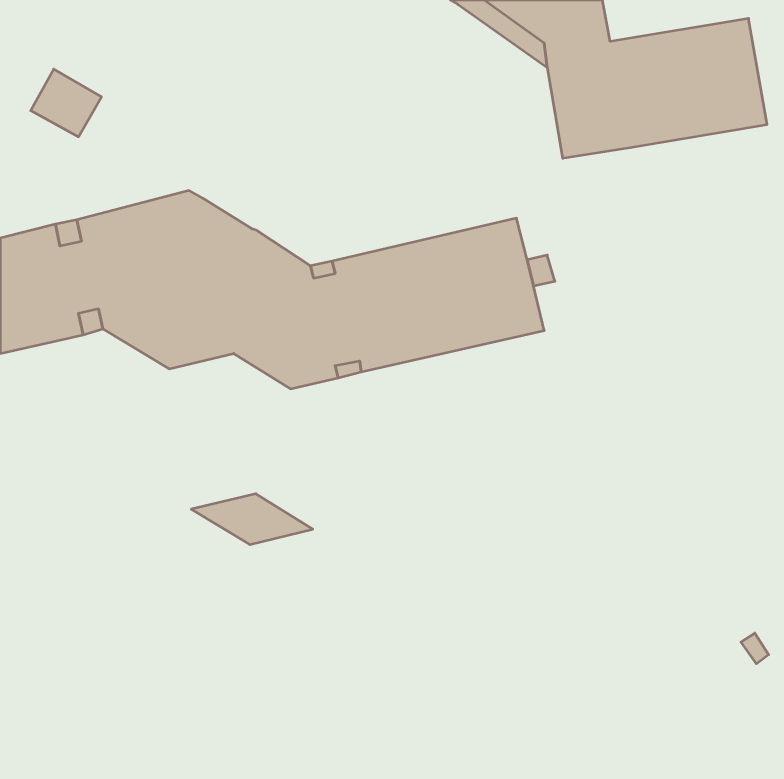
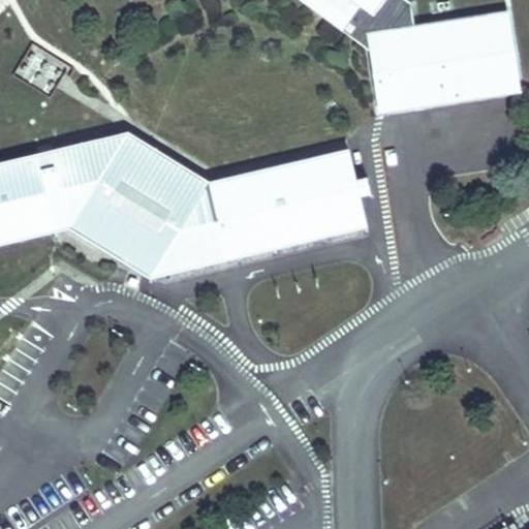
building: [191,494,313,545] -> [115,242,196,276]

